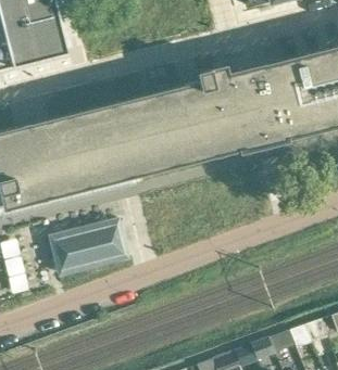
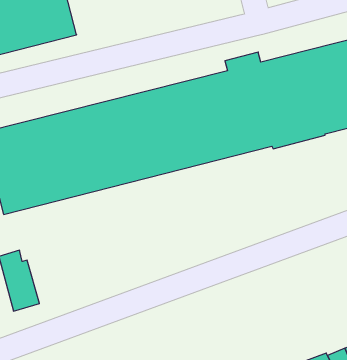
building: [50,219,125,273] -> none

